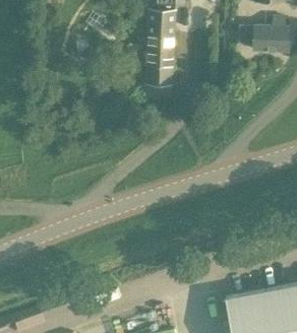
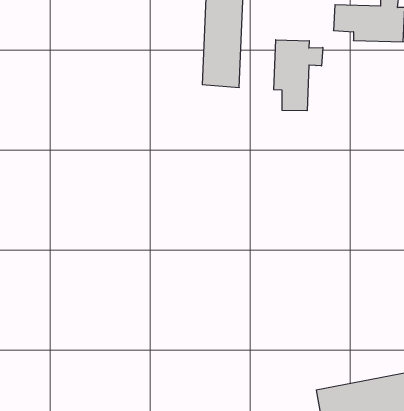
building: none -> [274,40,323,111]

